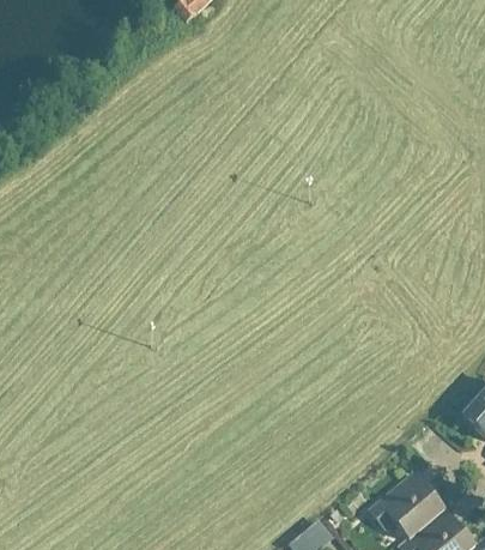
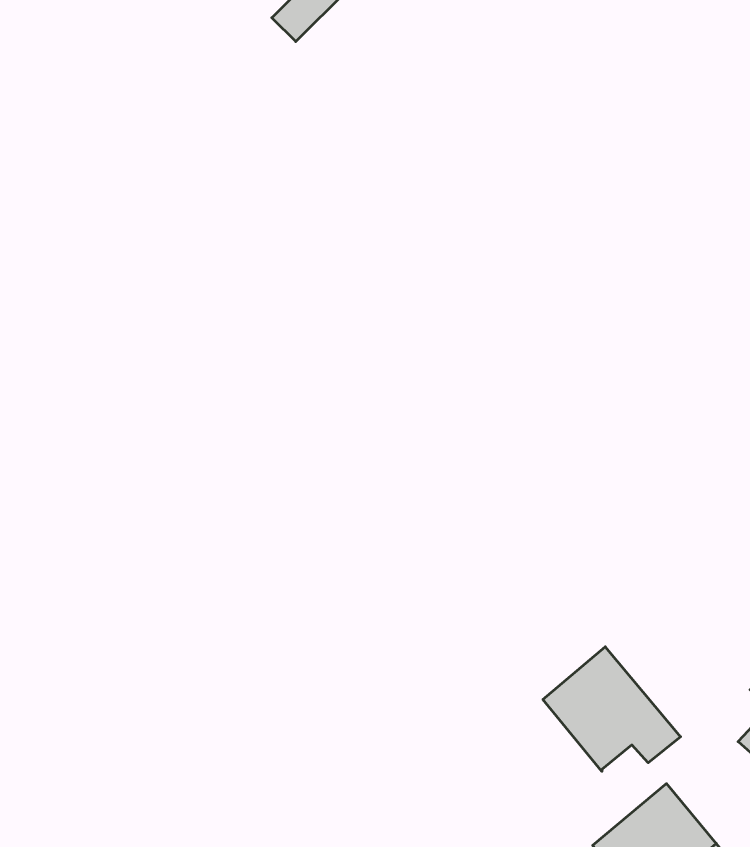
building: none -> [543,647,681,771]

